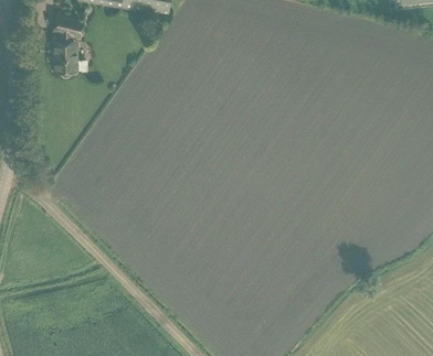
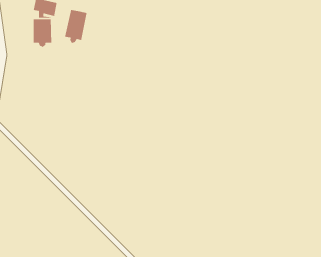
building: none -> [64,9,88,44]

